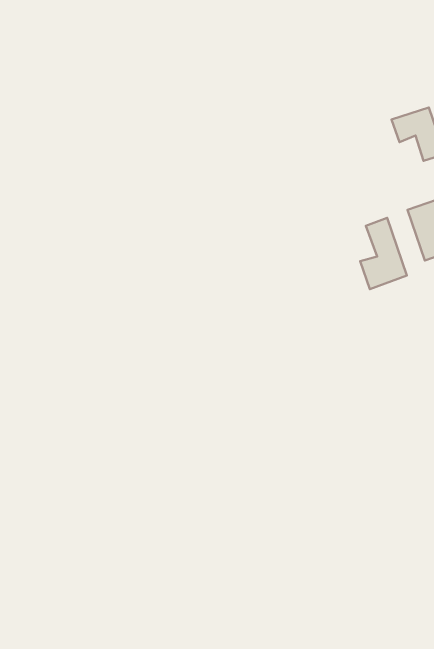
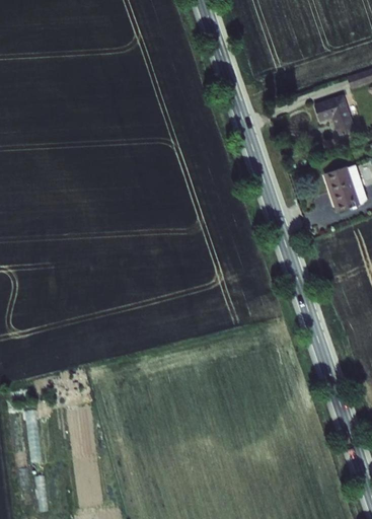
building: [360,218,407,289] -> none

